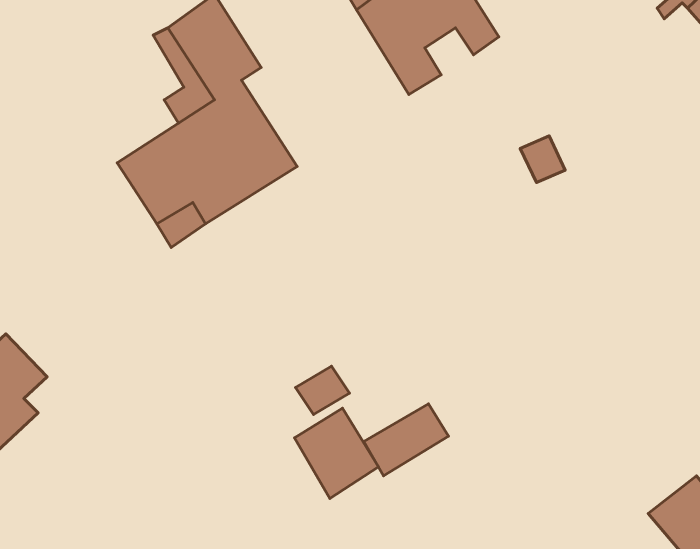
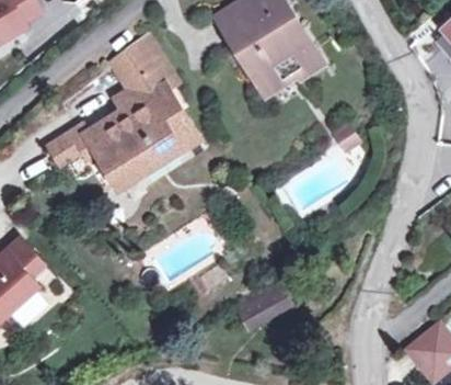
building: none -> [46,125,96,166]
building: [294,408,378,498] -> none

